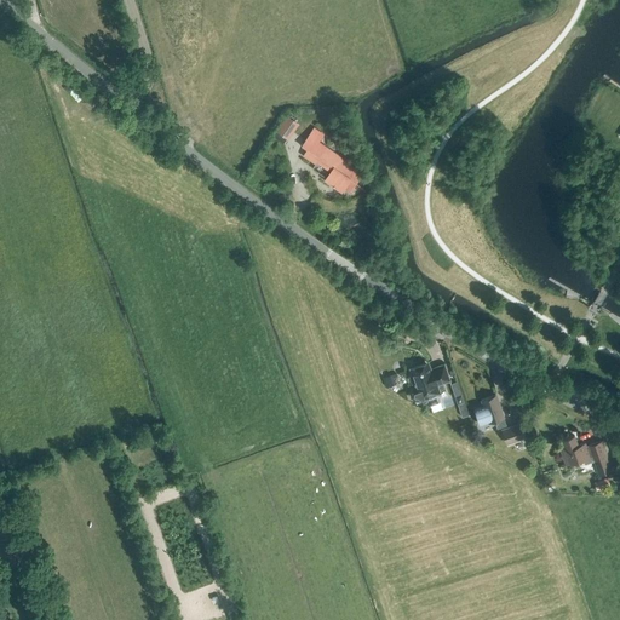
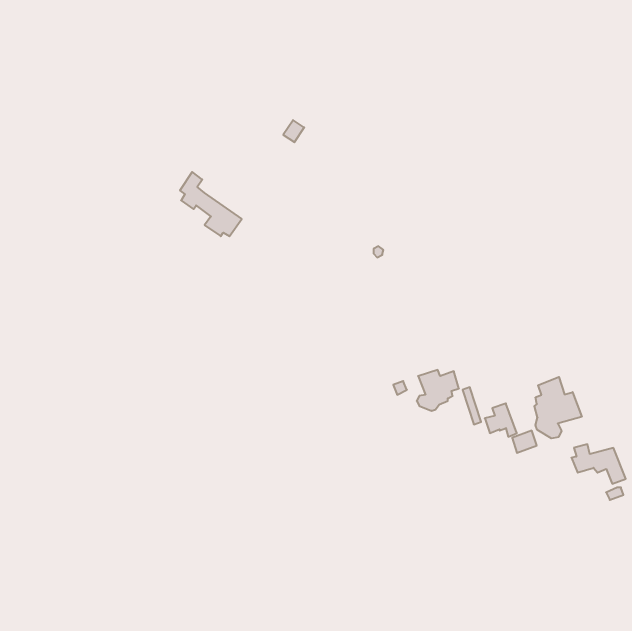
building: [302,128,362,191] -> [180,172,242,236]
building: none -> [534,377,582,438]

